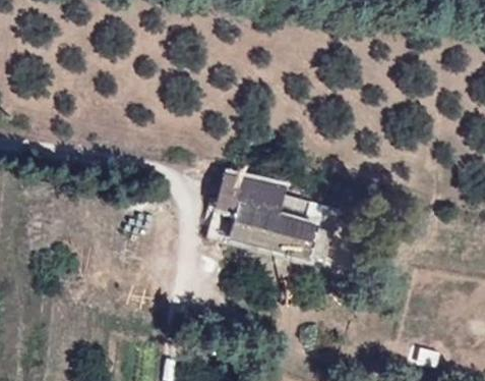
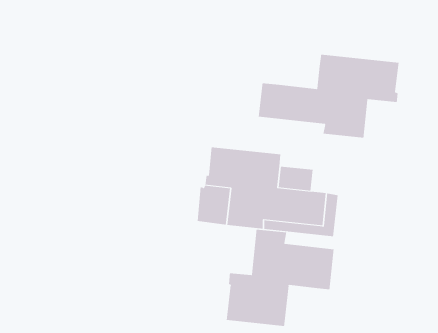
building: none -> [258,54,399,138]
building: none -> [226,229,334,327]

